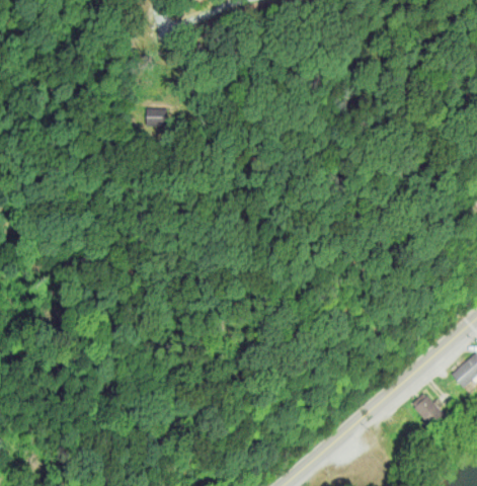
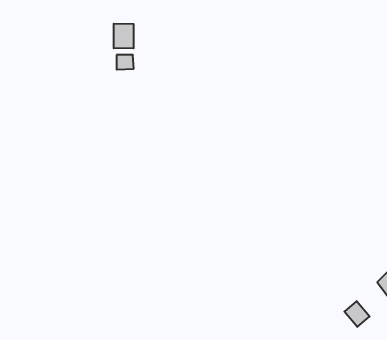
building: none -> [114,24,134,48]

